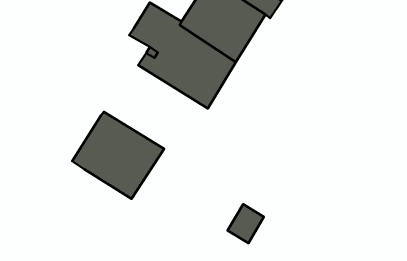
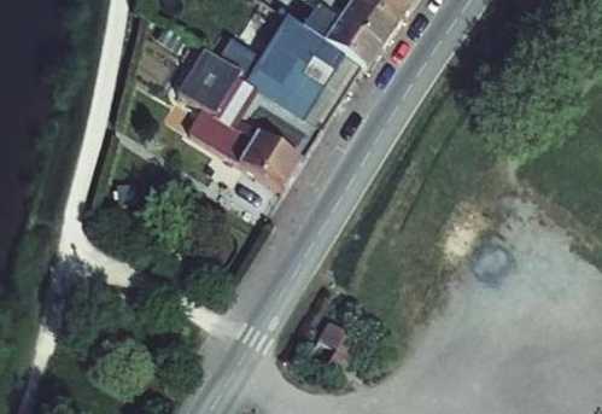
building: [72,112,164,199] -> none

